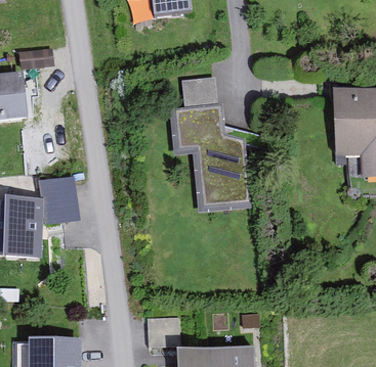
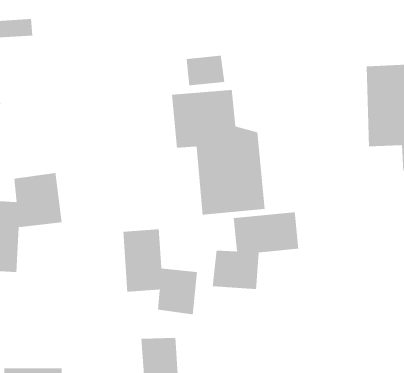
building: none -> [212,212,299,290]
building: none -> [123,229,197,315]

